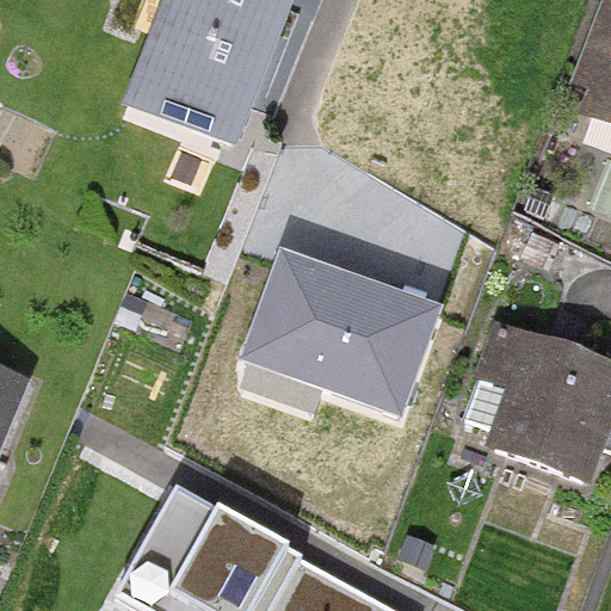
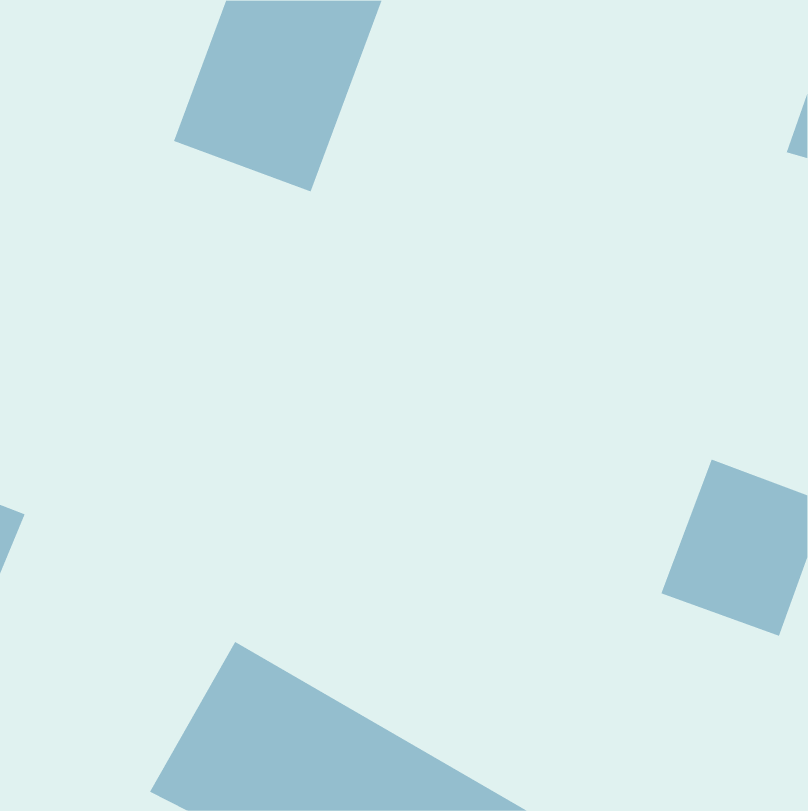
building: [242,247,443,419] -> none

